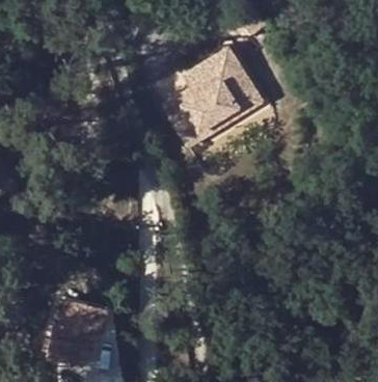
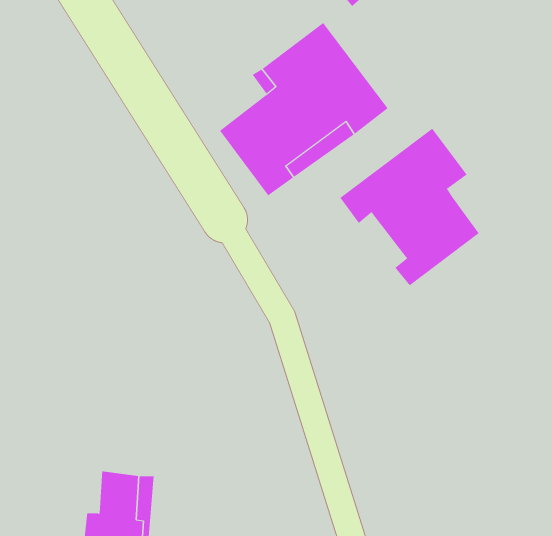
building: none -> [340,128,479,286]

